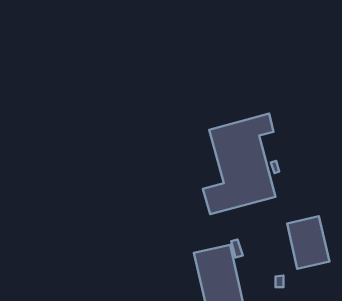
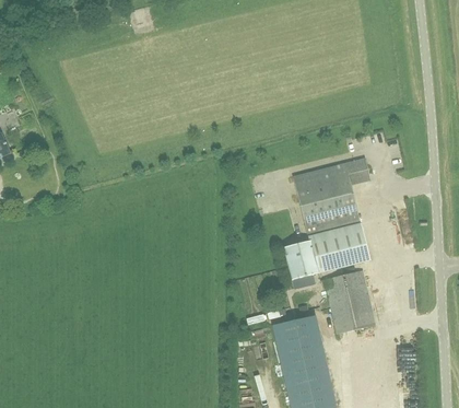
building: [287,216,330,269] -> [323,269,375,333]

